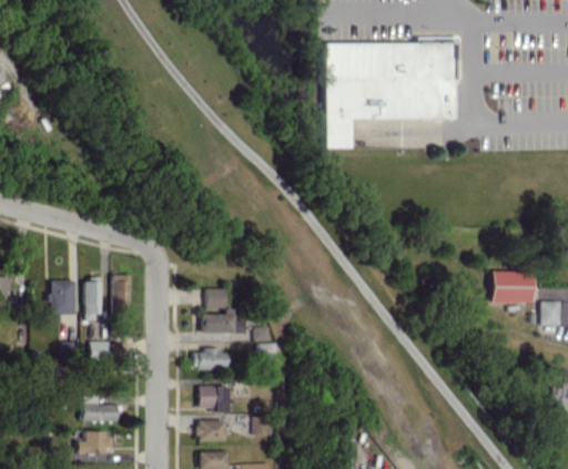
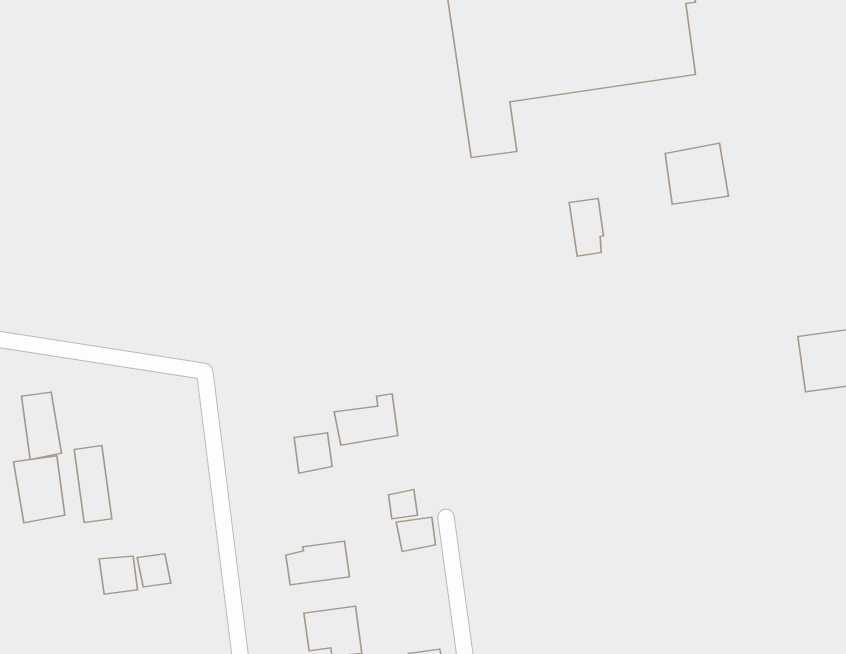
building: none -> [665,143,729,204]
building: none -> [569,198,603,256]
building: [113,274,131,309] -> [21,392,61,459]
building: [202,308,235,333] -> [334,394,398,445]

